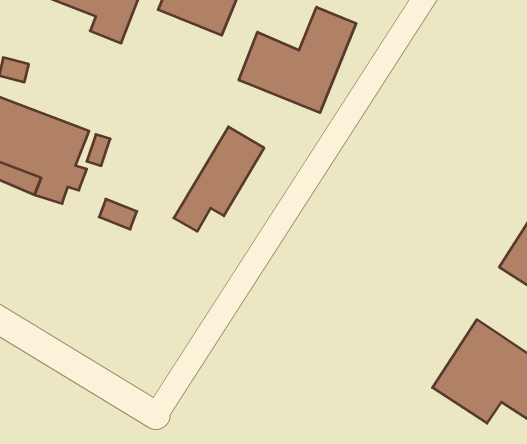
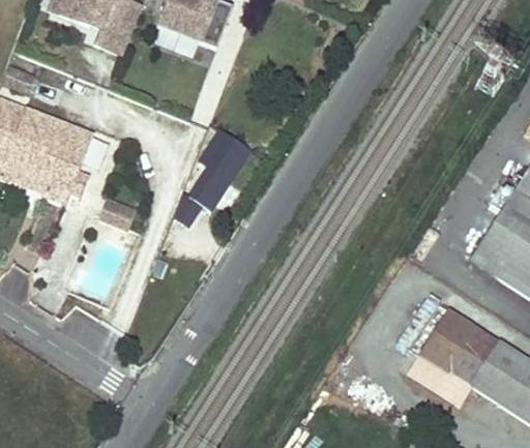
building: [239,7,356,113] -> none

